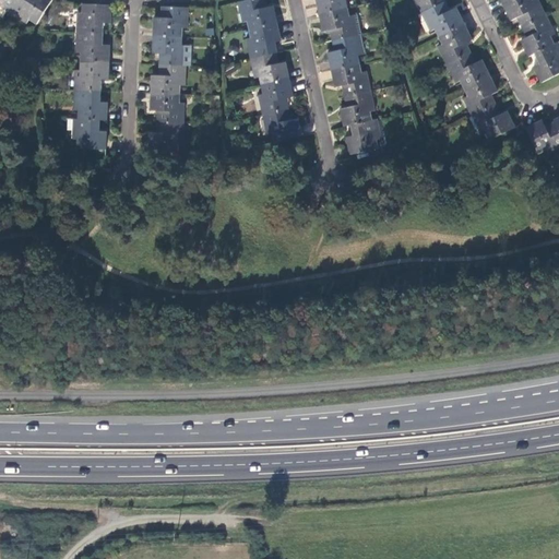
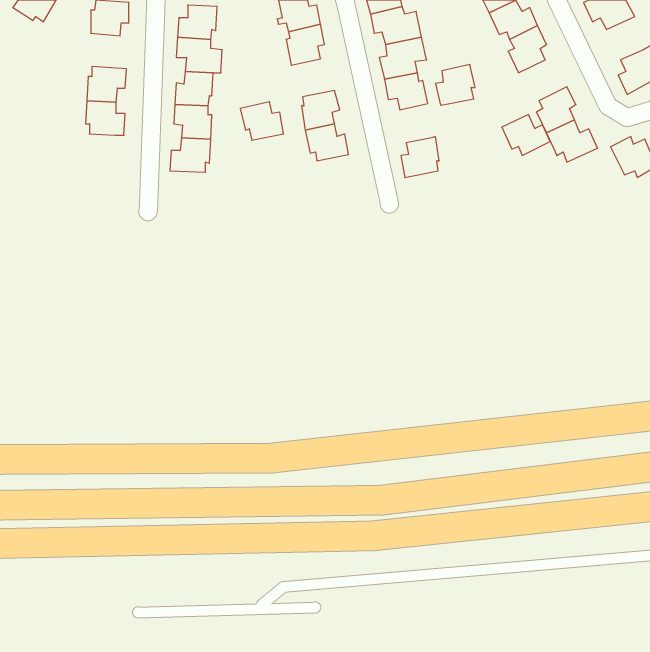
building: [519,14,554,55] -> none
building: [79,28,111,59] -> none
building: [251,50,288,83] -> [240,102,284,140]
building: [445,51,487,86] -> [502,115,550,155]
building: [338,88,372,123] -> [435,64,475,105]
building: [74,115,107,144] -> none

